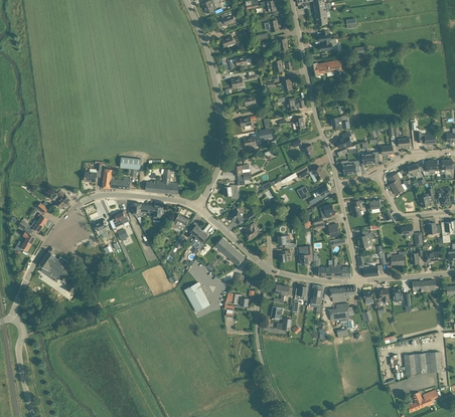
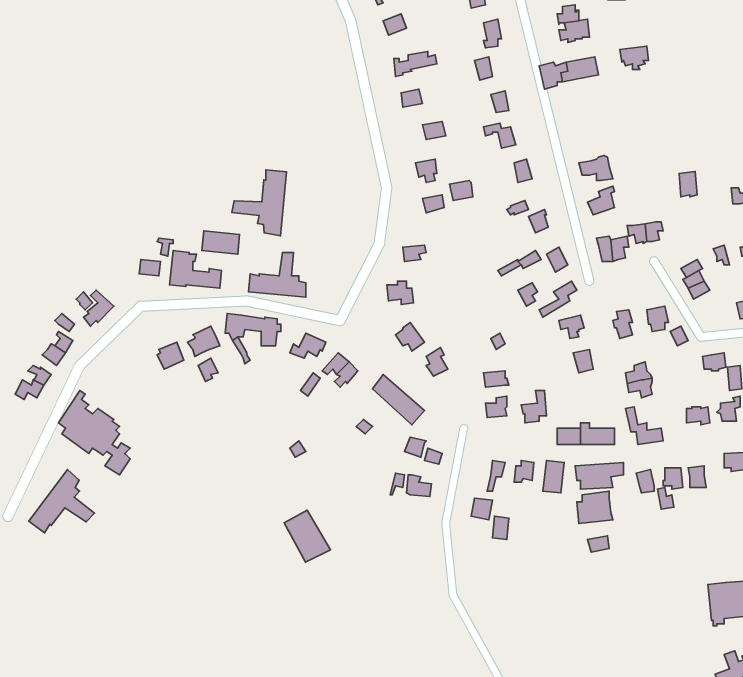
building: none -> [232,170,287,236]
building: [183,282,209,311] -> [284,510,331,562]
building: none -> [29,469,94,533]

